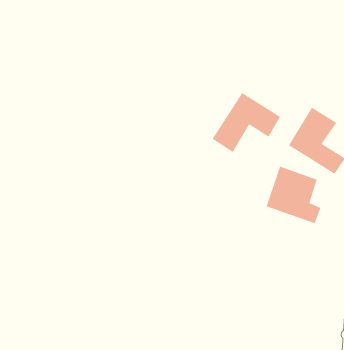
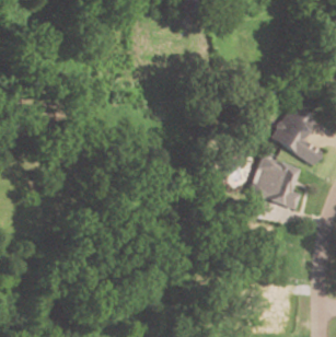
building: [212,92,281,153] -> none

